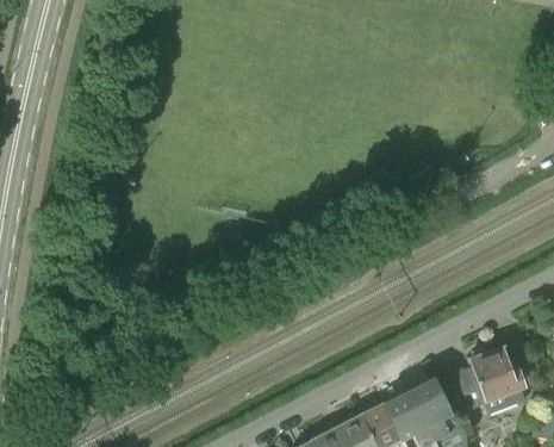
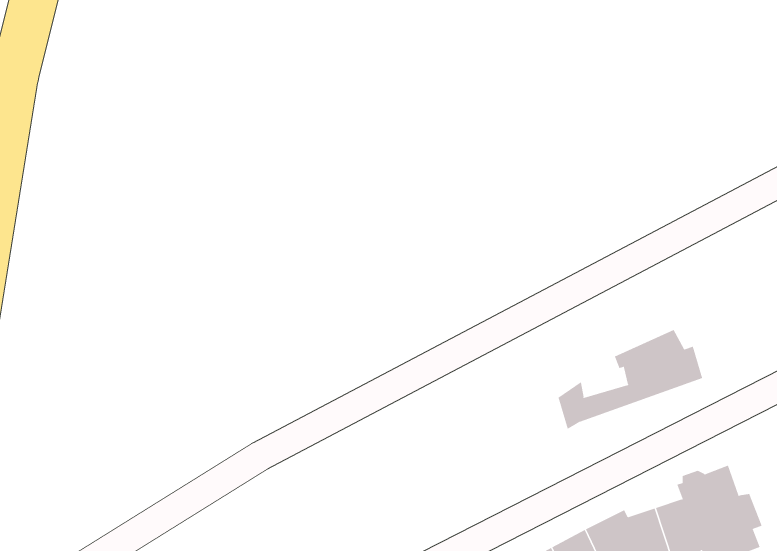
building: none -> [558,329,703,430]

